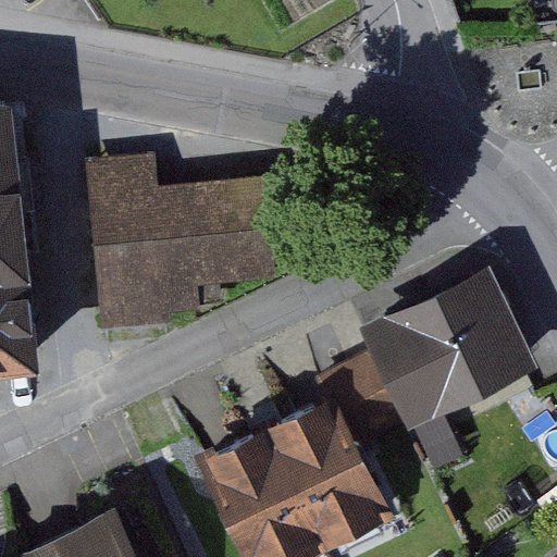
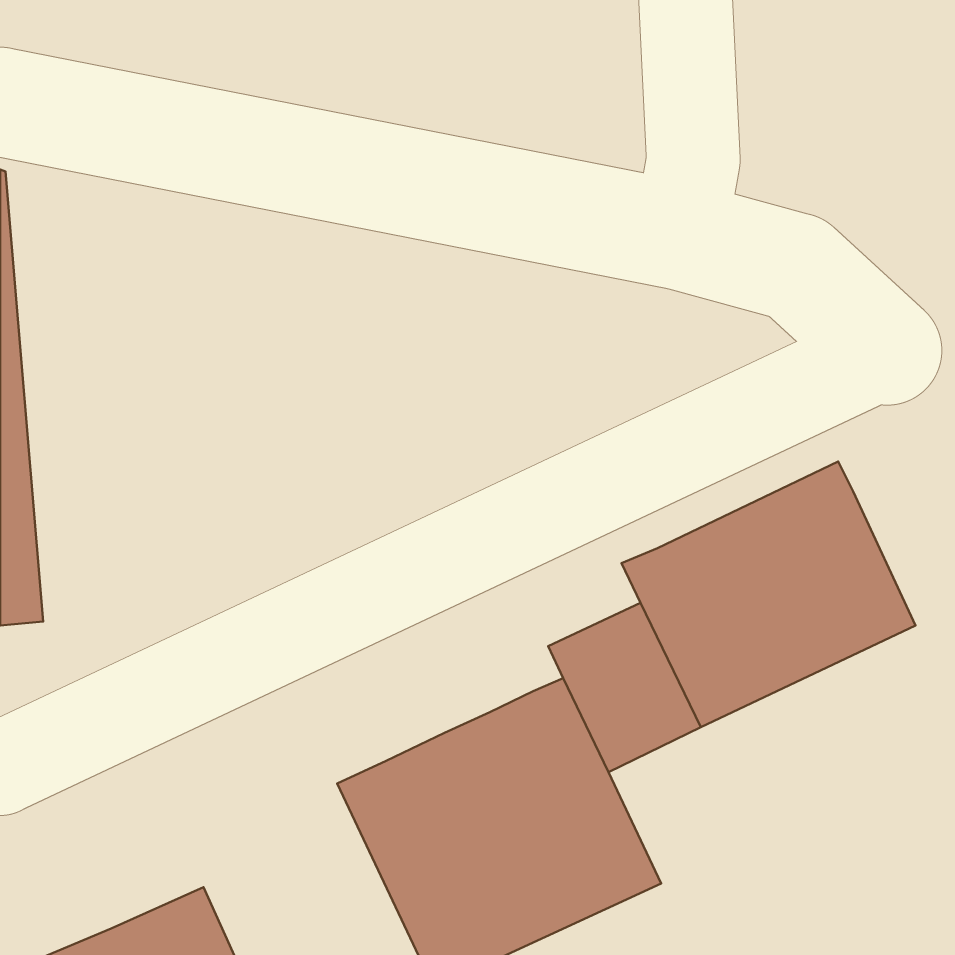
building: [83,152,271,323] -> none

